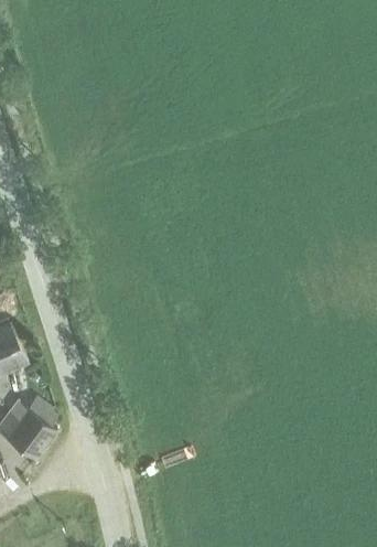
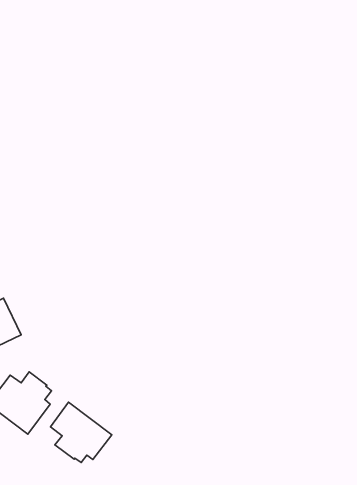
building: none -> [51,402,112,463]

